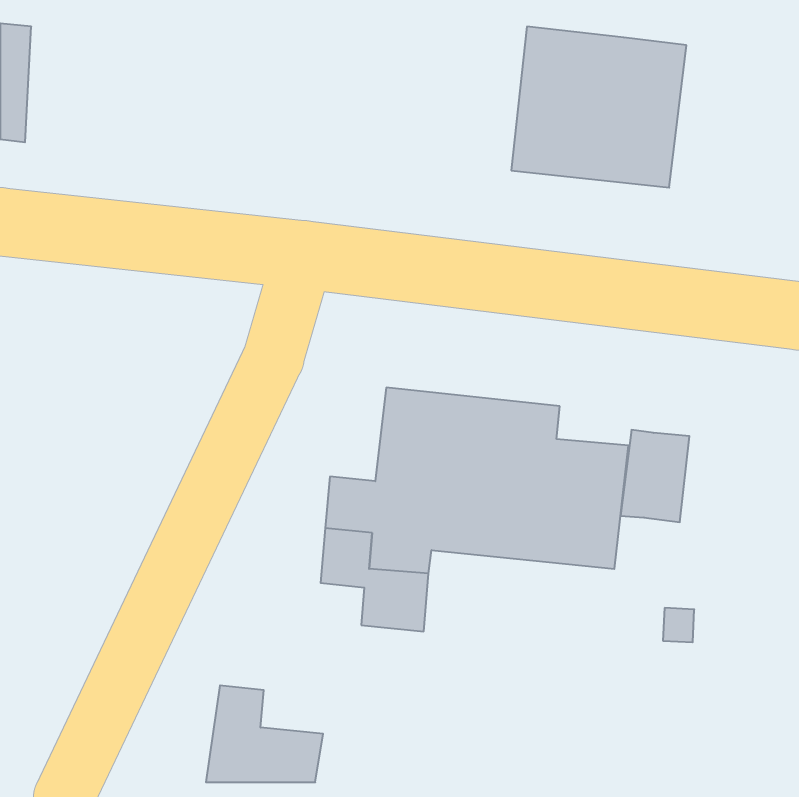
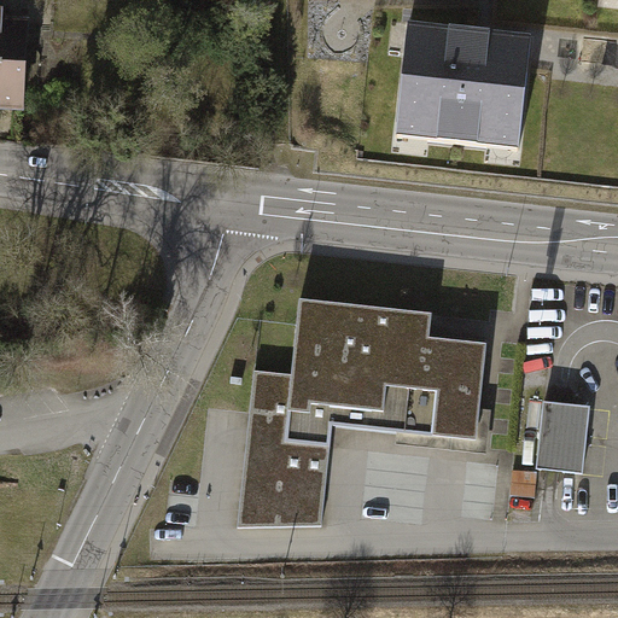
building: [621,430,689,522] -> [536,401,589,472]
building: [206,685,323,782] -> [237,450,327,525]

